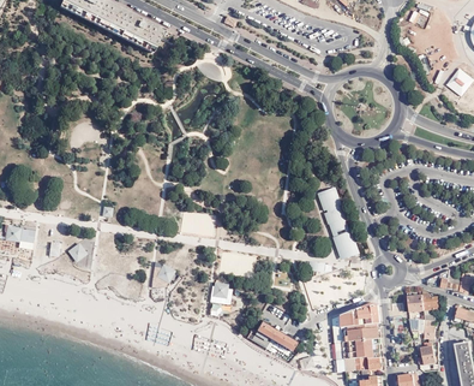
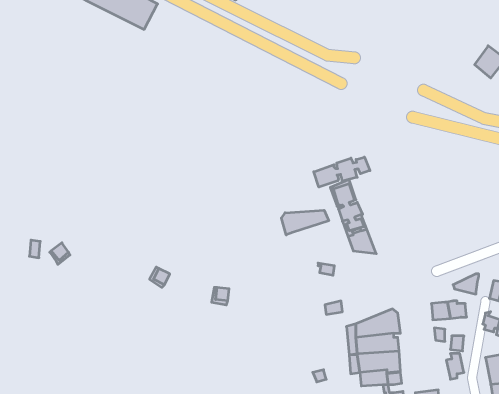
building: none -> [314,157,370,187]
building: none -> [281,210,329,235]
building: [247,322,295,351] -> none

